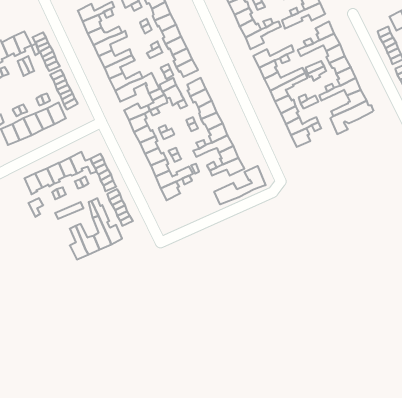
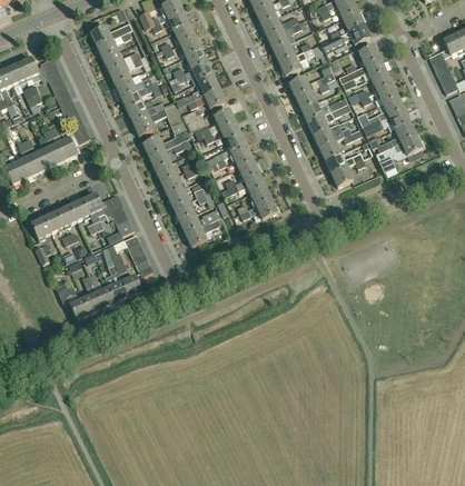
building: [214,166,266,204] -> none
building: none -> [58,284,90,319]

